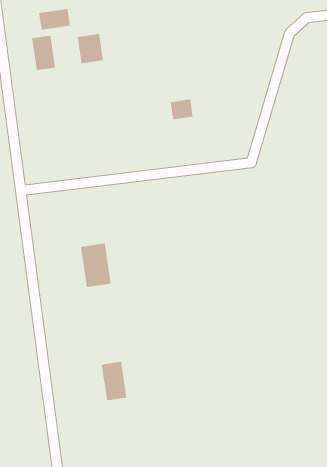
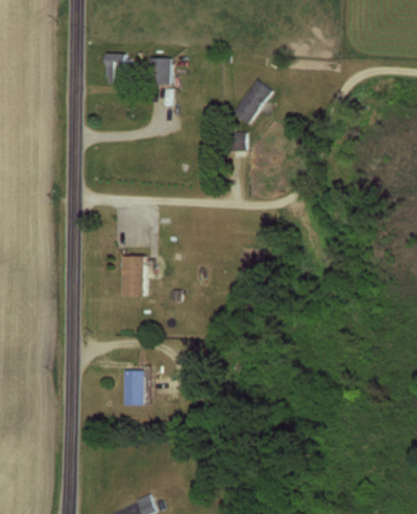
building: [39,8,71,31] -> none
building: none -> [232,80,271,124]

